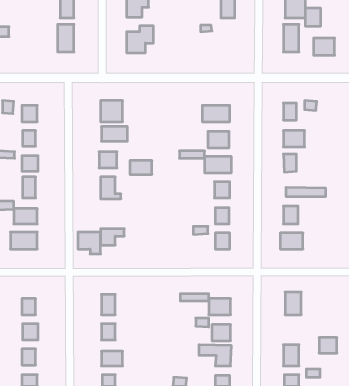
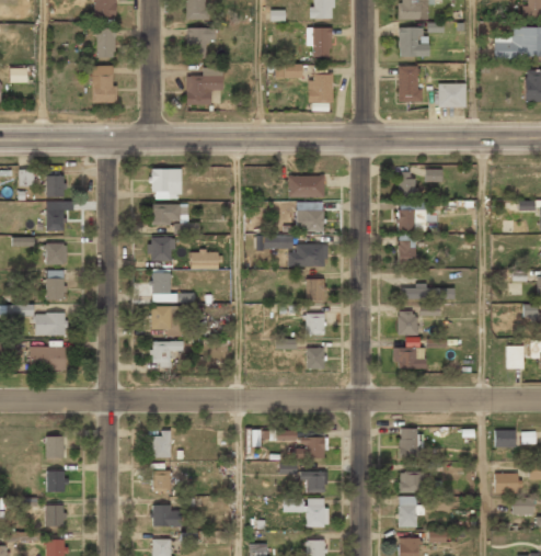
building: [306,8,320,26] -> none
building: none -> [309,73,333,103]
building: [78,232,101,254] -> [150,307,181,337]
building: [319,338,337,353] -> [399,473,423,493]

